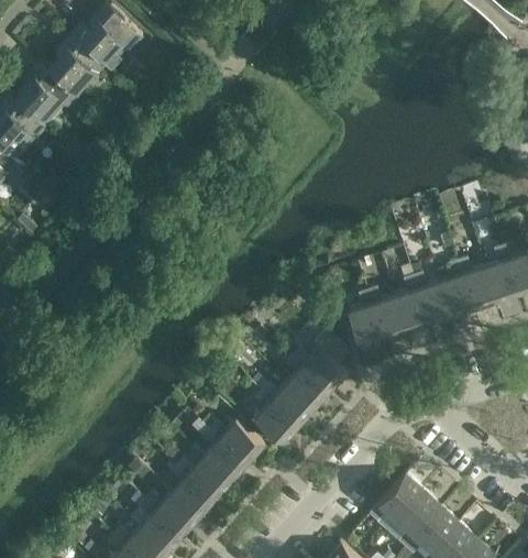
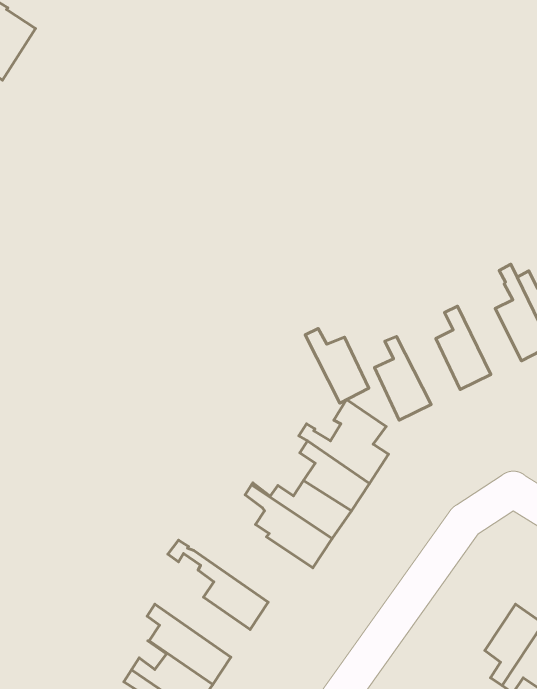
building: [411,272,451,327] -> none
building: [365,287,405,342] -> [305,328,369,403]
building: [200,415,264,466] -> none
building: [167,448,232,501] -> none
building: [358,475,422,530] -> none

